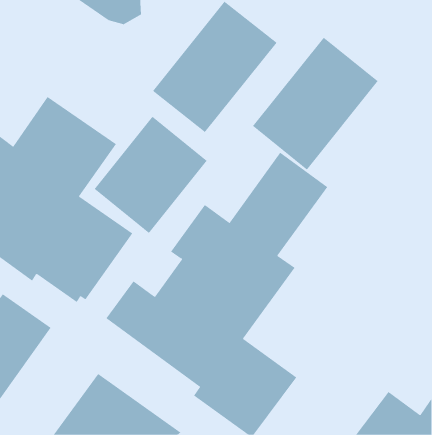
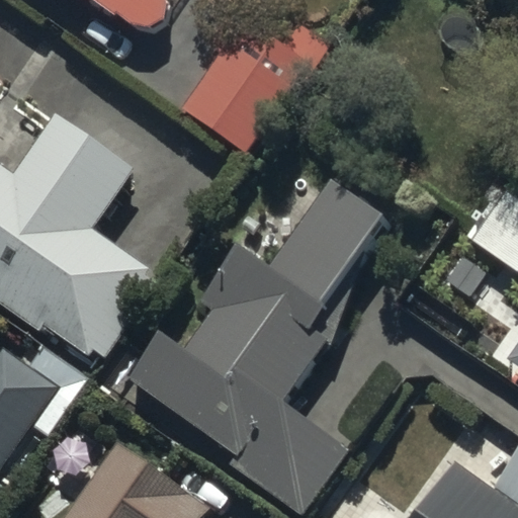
building: [252,37,378,170] -> none
building: [94,116,208,234] -> none

